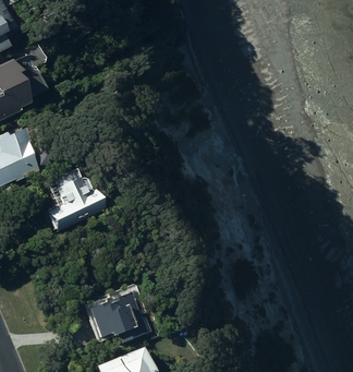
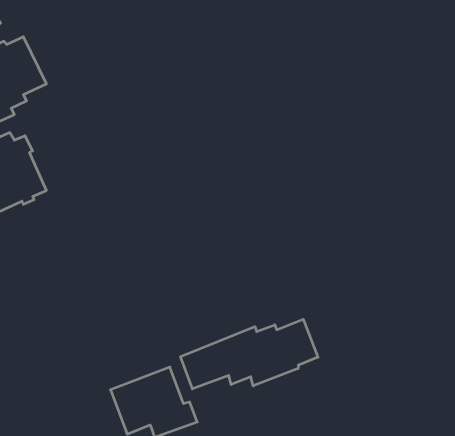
building: [47,168,106,232] -> none
building: none -> [181,319,318,389]

